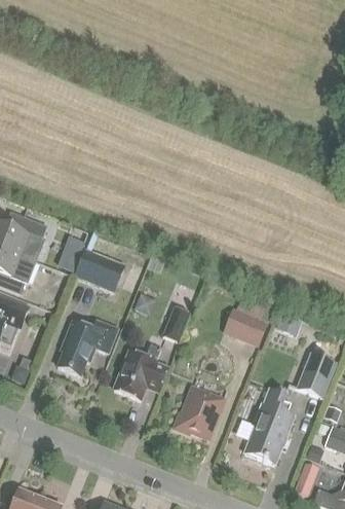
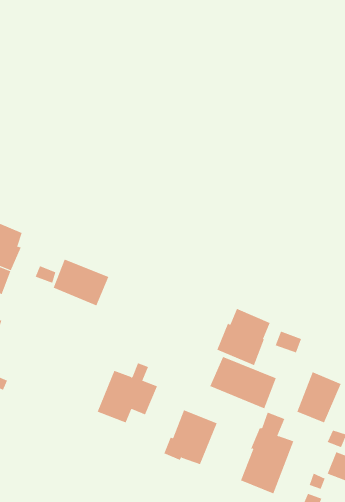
building: [161,305,189,342] -> none
building: [56,321,117,375] -> none
building: none -> [210,356,277,409]

